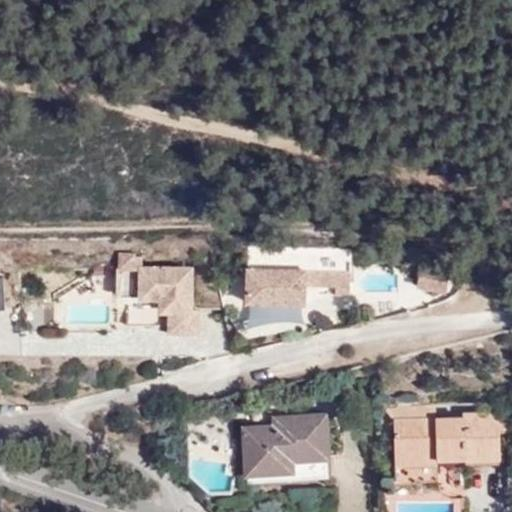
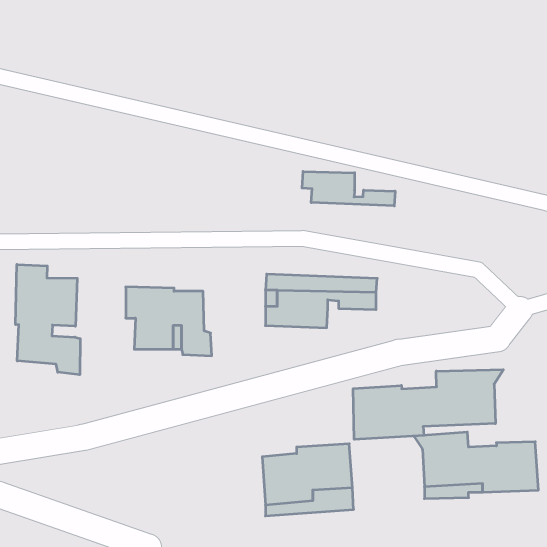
building: none -> [302,171,395,206]
building: none -> [16,264,80,375]
building: none -> [353,370,503,439]

